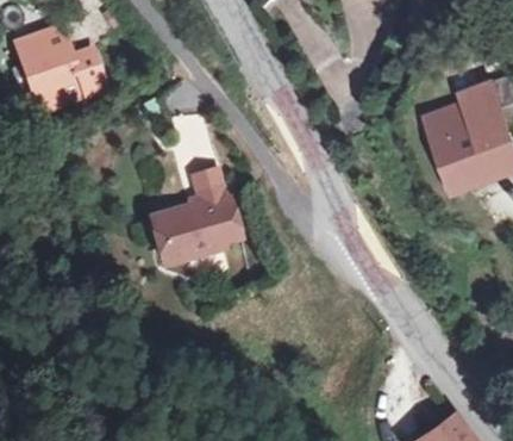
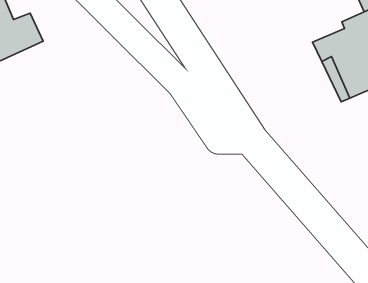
building: [157,187,239,263] -> none

